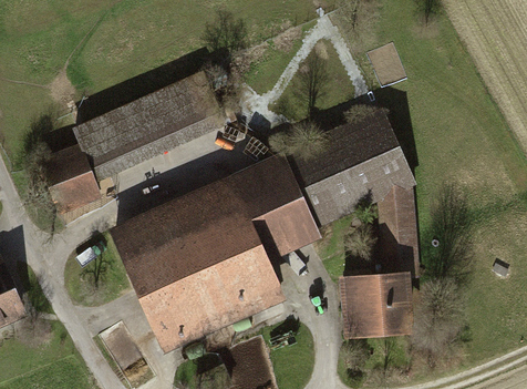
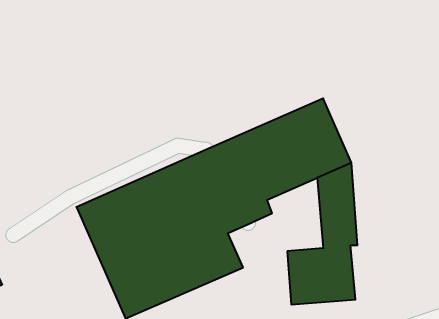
building: [37,69,234,218] -> none

